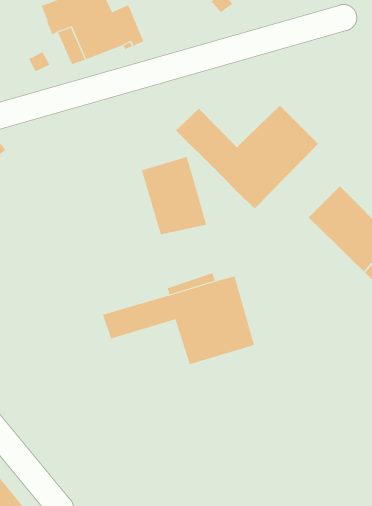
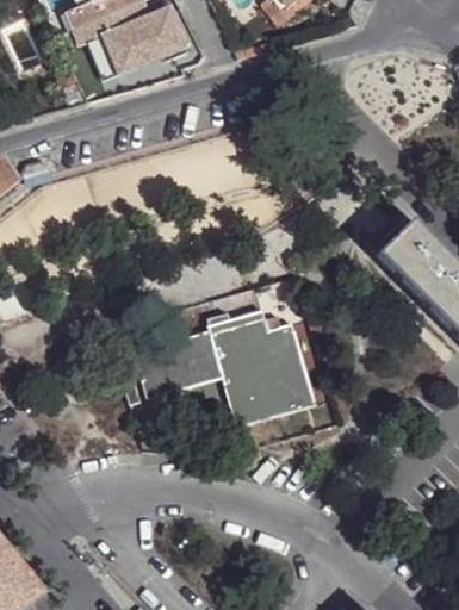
building: [175,105,319,209] -> none
building: [141,156,207,235] -> none

